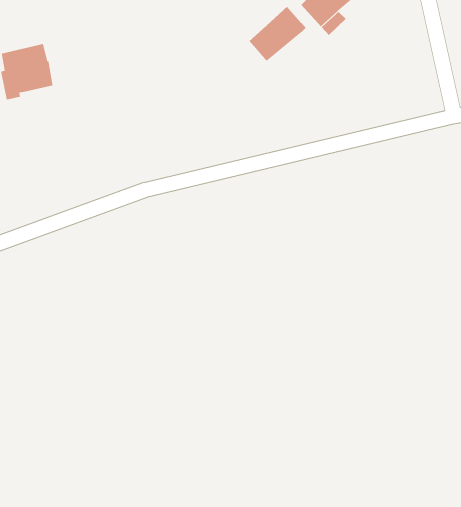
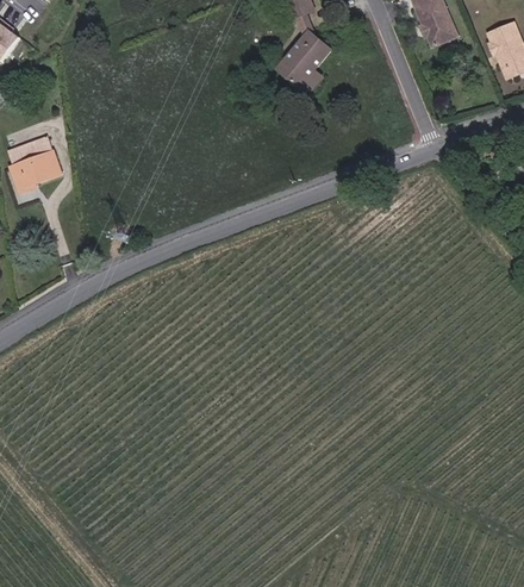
building: [248,6,306,62] -> none

